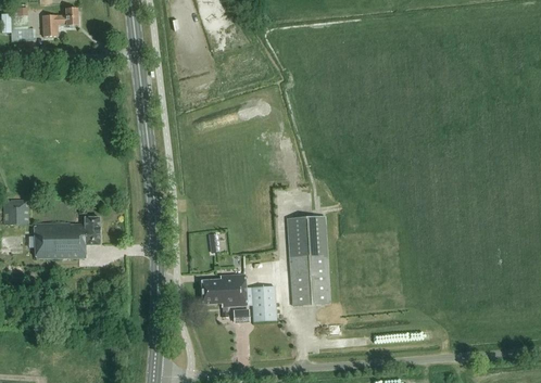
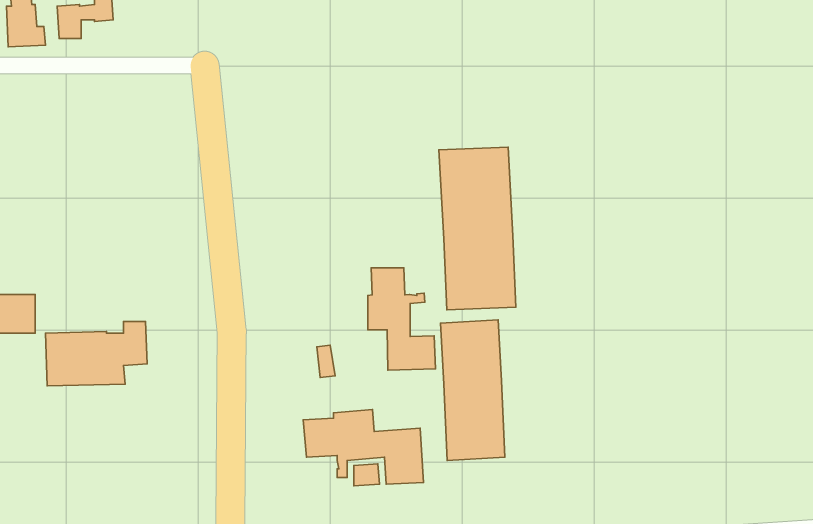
building: none -> [439,147,516,310]
building: none -> [368,268,435,370]

